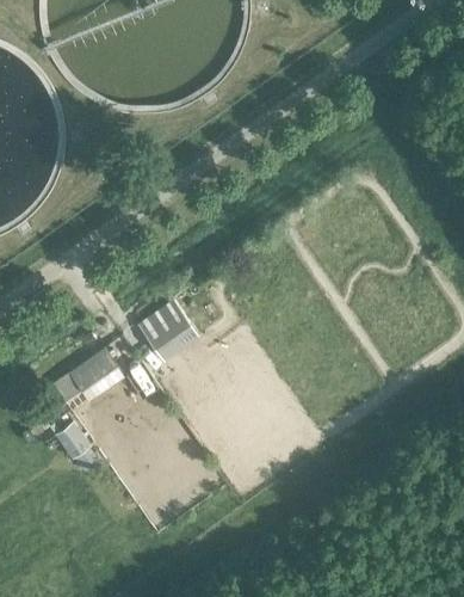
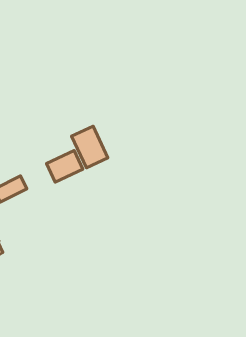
building: none -> [72,126,108,168]

